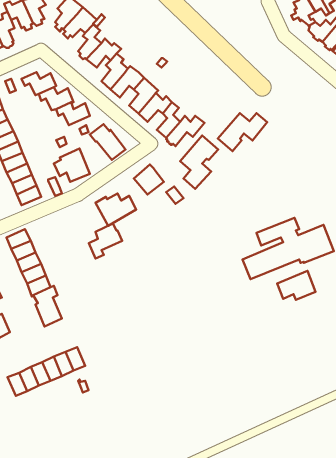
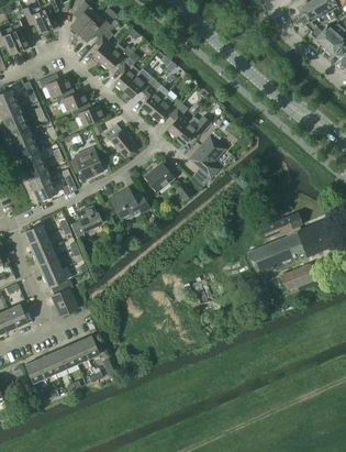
building: [218,113,267,151] -> none
building: [89,224,122,258] -> [70,205,102,238]

